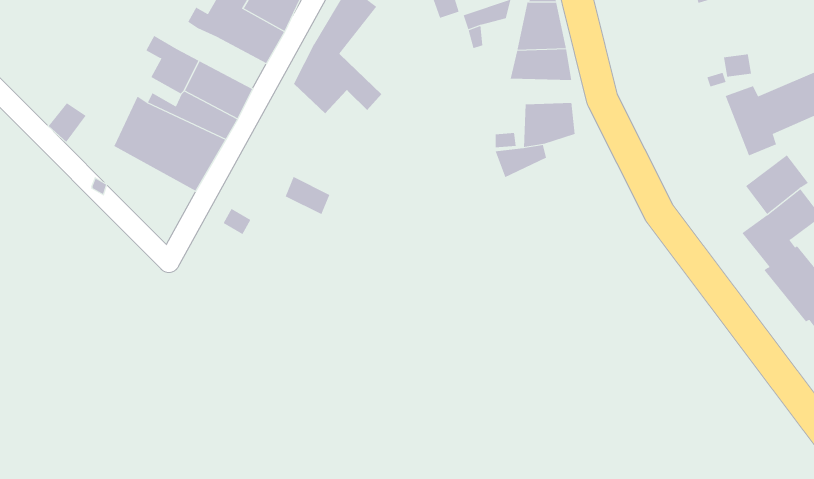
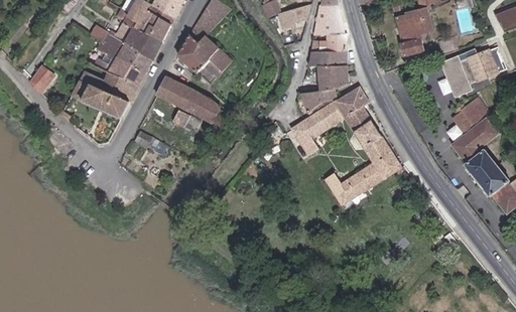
building: none -> [396,9,433,55]
building: none -> [110,22,163,58]
building: none -> [306,52,347,68]
building: none -> [156,75,222,124]
building: none -> [289,87,405,204]

